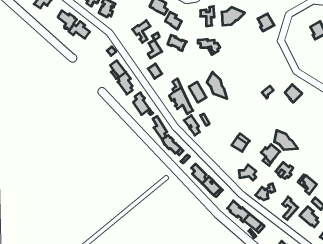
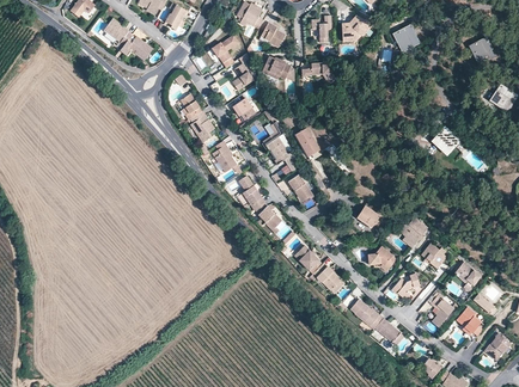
building: [207,72,227,99] -> none
building: [274,130,298,150] -> none

